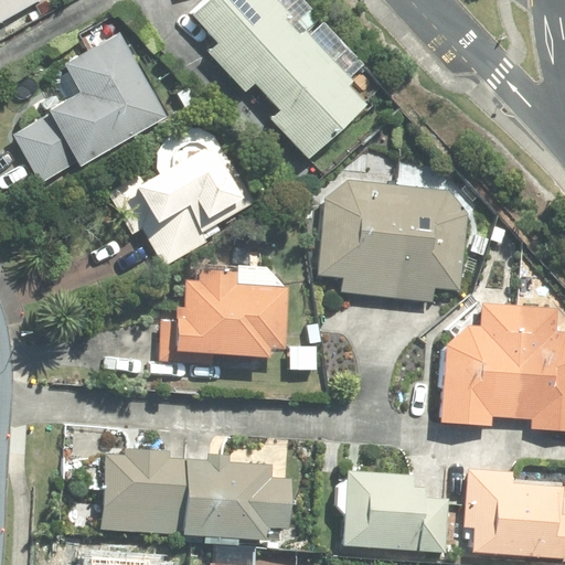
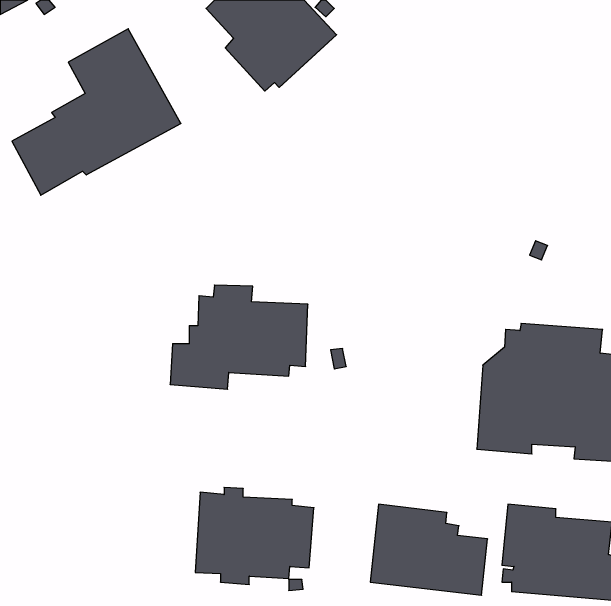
building: [258,38,366,154] -> none
building: [108,129,253,267] -> none
building: [317,180,468,301] -> none
building: [99,450,185,534] -> none

